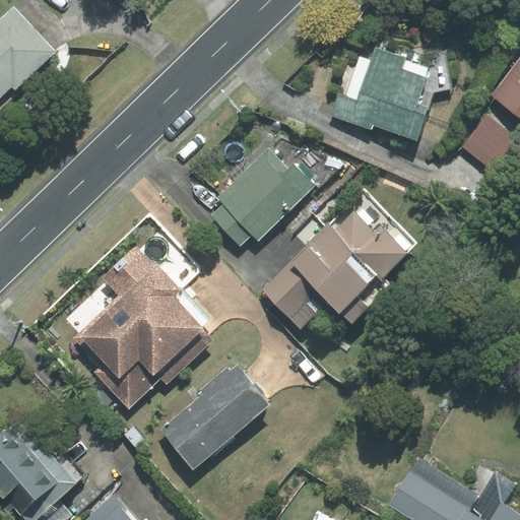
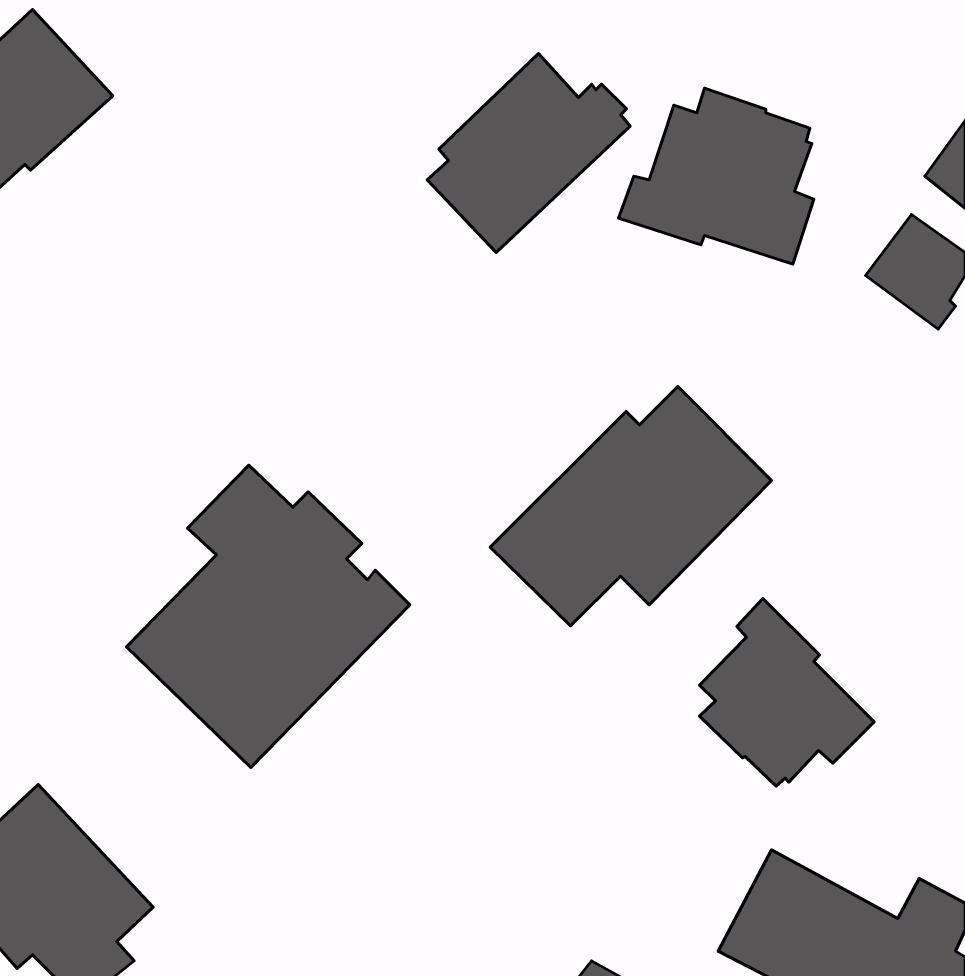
building: [209,147,317,253] -> [427,53,630,253]
building: none -> [699,598,874,786]
building: [160,361,277,471] -> none

